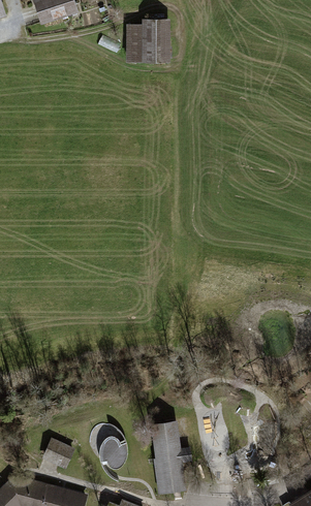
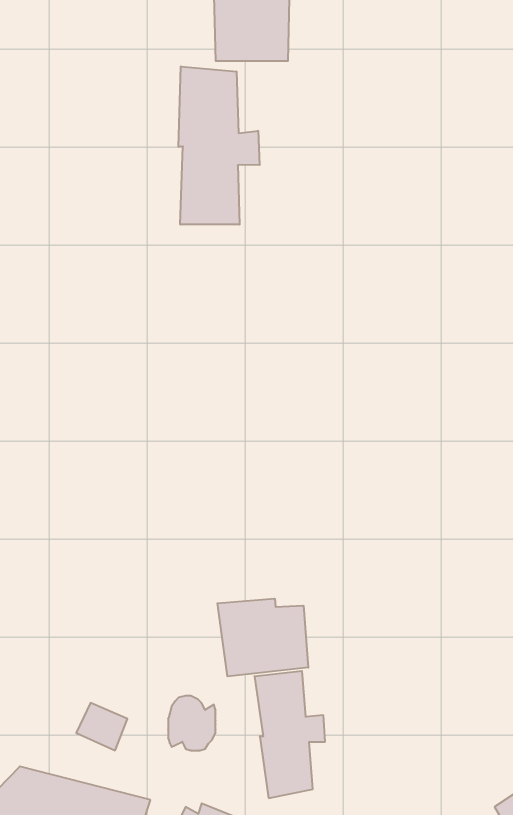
building: none -> [179,66,260,225]
building: none -> [217,599,308,676]

